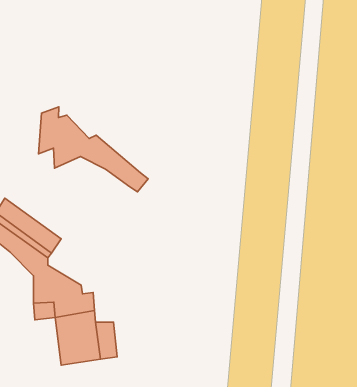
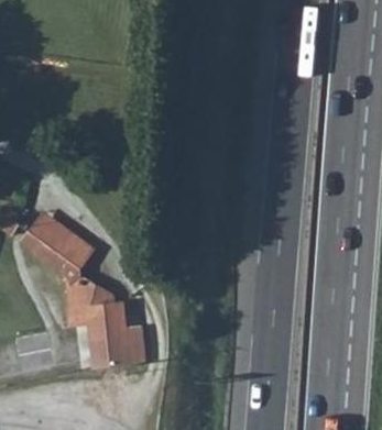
building: [39,107,148,192] -> none

